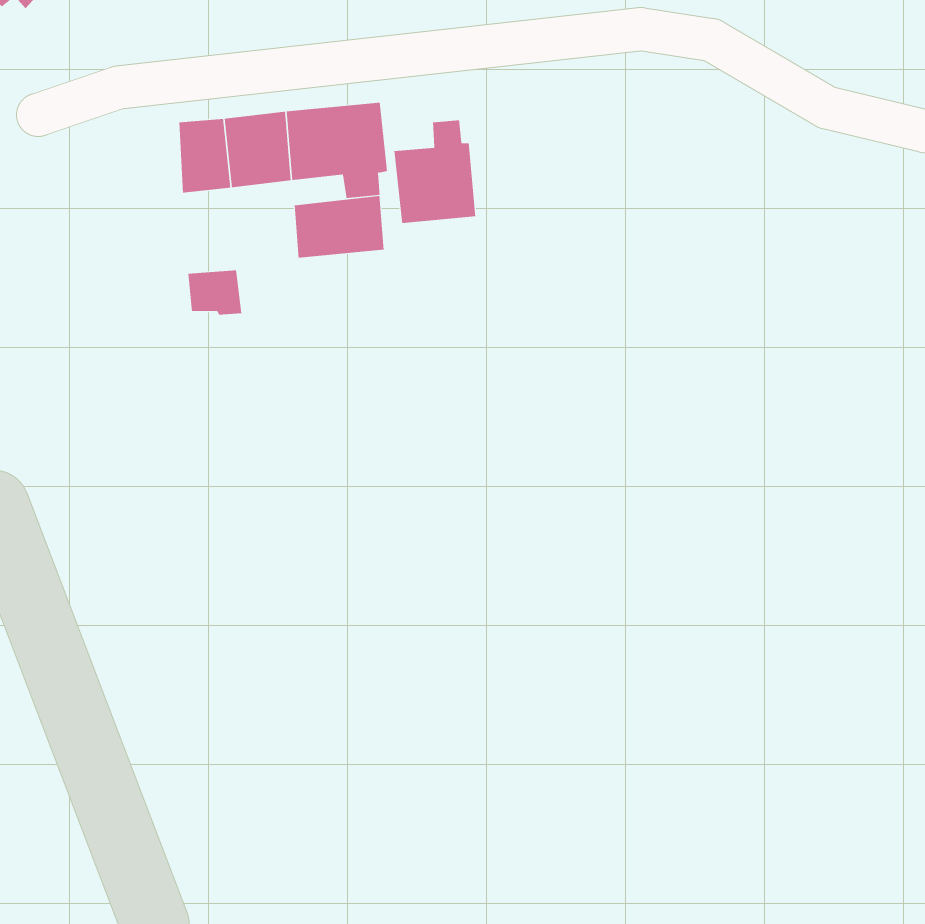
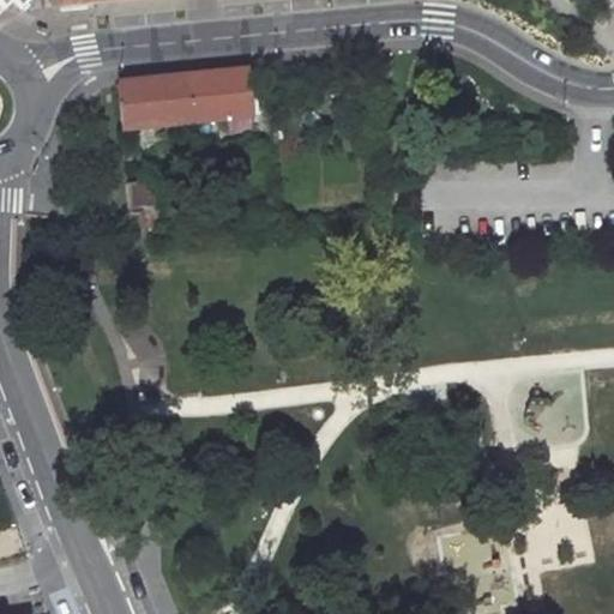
building: [394,119,476,224] -> none
building: [294,195,384,259] -> none

